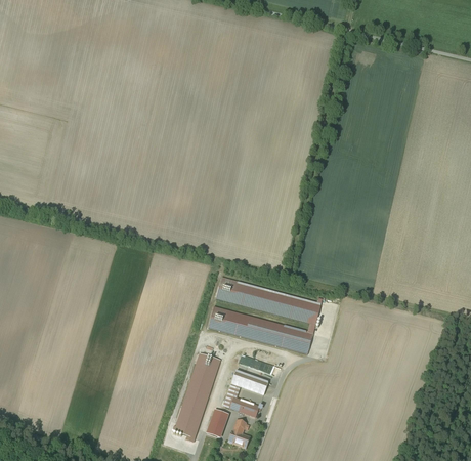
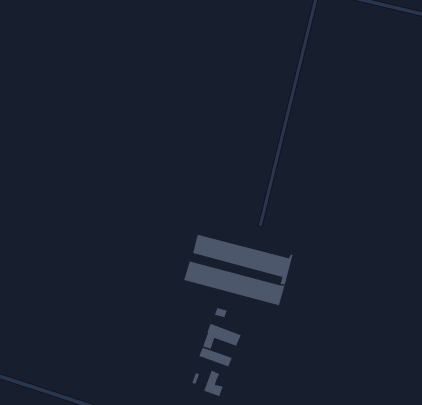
building: [174,351,220,442] -> none

